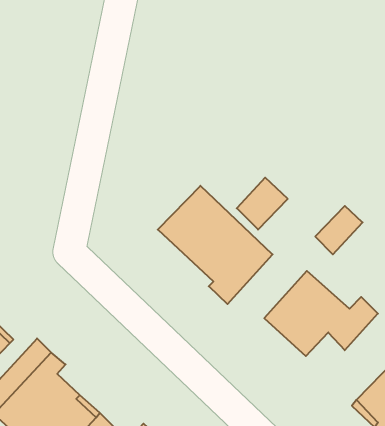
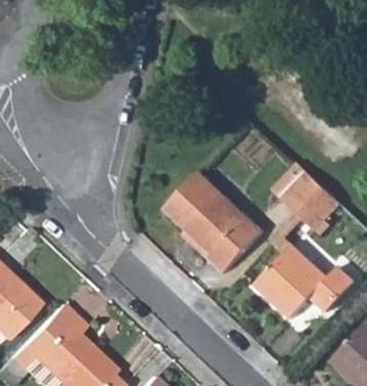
building: [237,178,288,230] -> [283,169,327,215]

